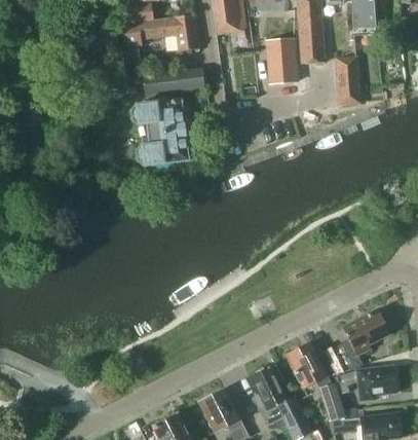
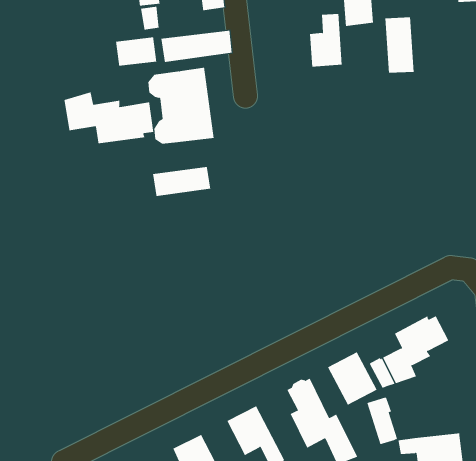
building: none -> [116,37,157,67]
building: none -> [64,92,154,144]
building: none -> [152,166,211,197]
building: [344,366,397,402] -> none

